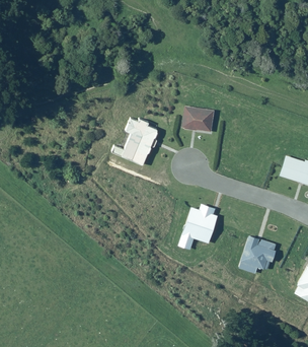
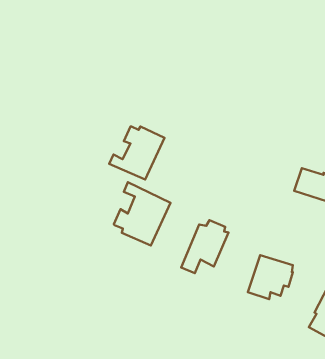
building: [180,106,213,132] -> none
building: none -> [114,182,170,246]

